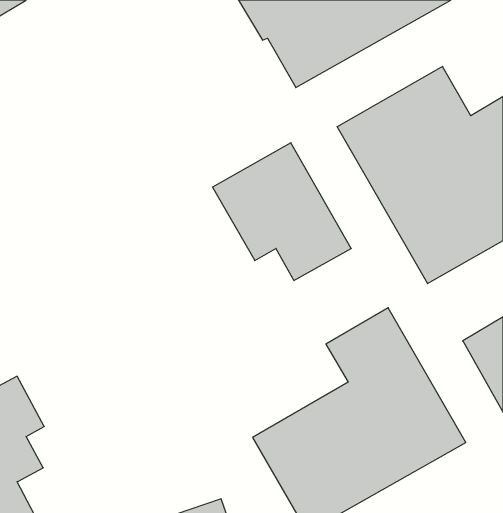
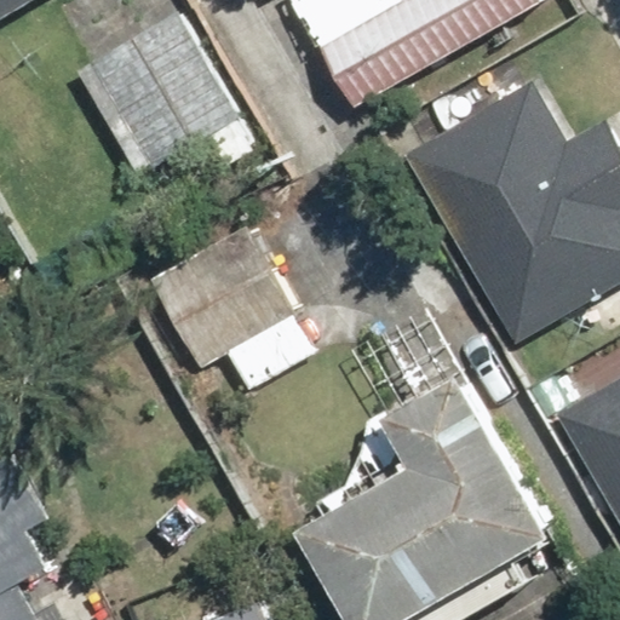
building: none -> [74,10,258,173]
building: [212,143,351,281] -> [148,225,315,391]

